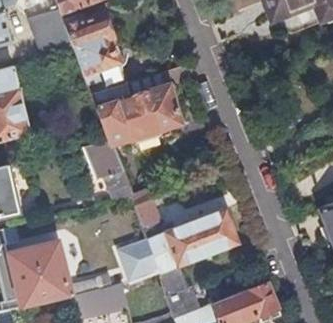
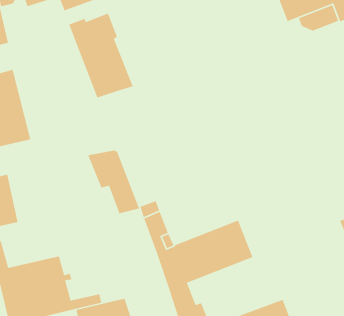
building: [28,9,75,59] -> none
building: [97,72,180,144] -> none
building: [119,240,160,285] -> none

